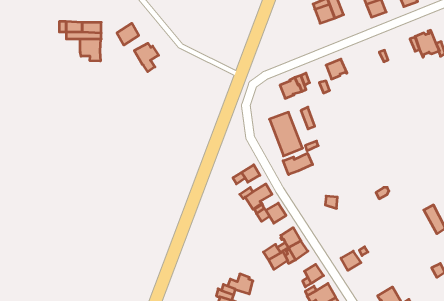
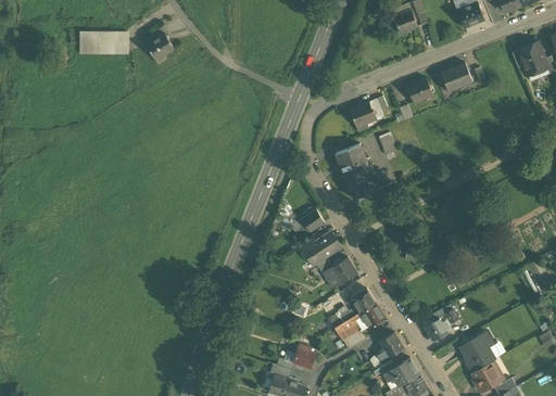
building: [80,39,100,61] -> none
building: [134,43,159,72] -> none
building: none -> [441,63,472,92]
building: [283,153,313,175] -> none
building: none -> [460,332,493,372]

